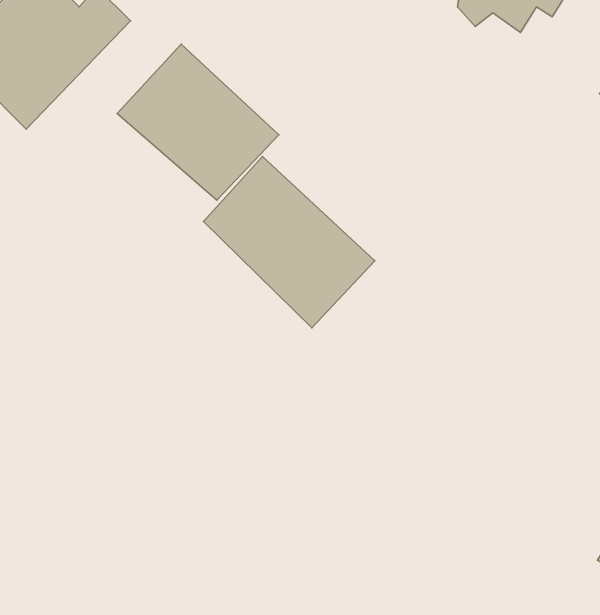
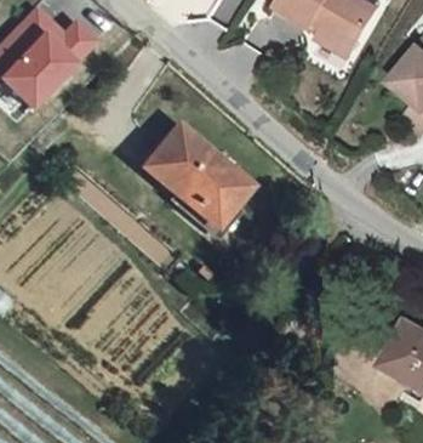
building: [117,44,279,200] -> none

